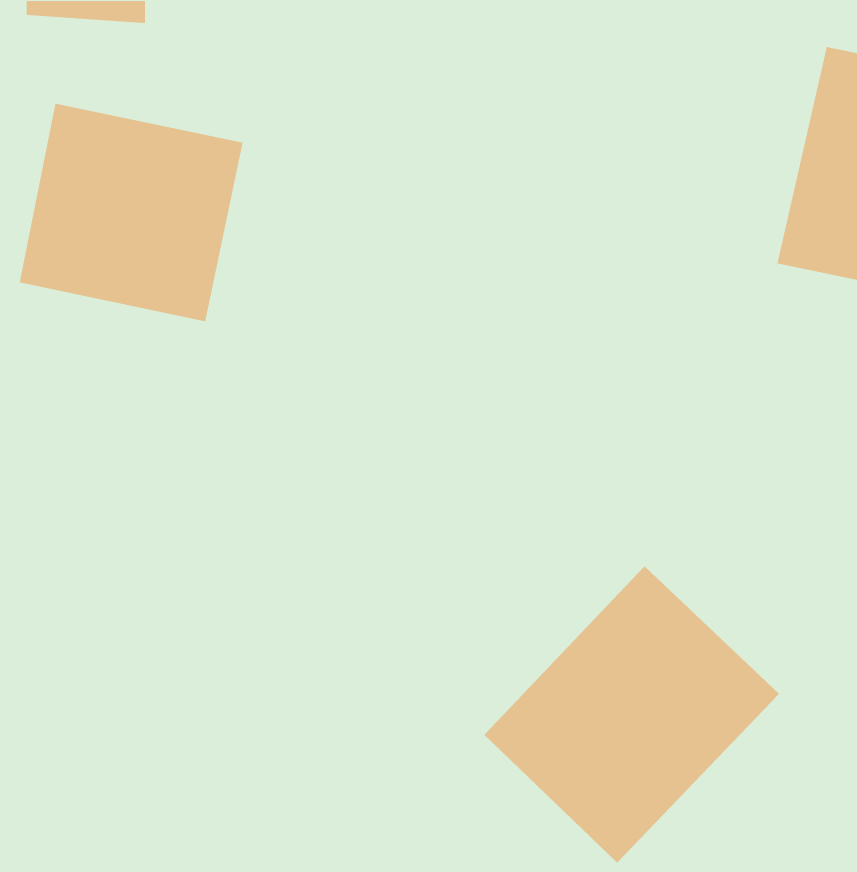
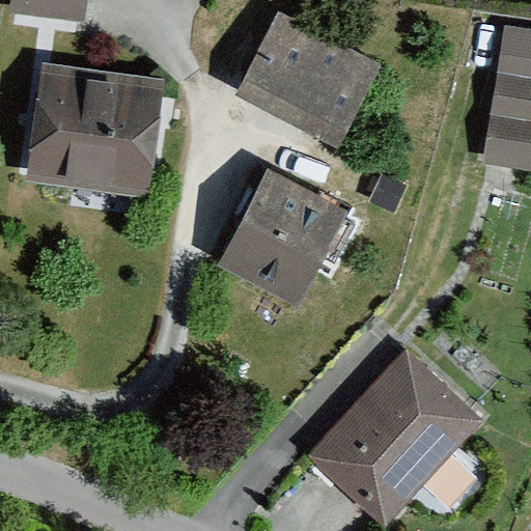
building: none -> [234,10,383,148]
building: none -> [215,170,348,311]

